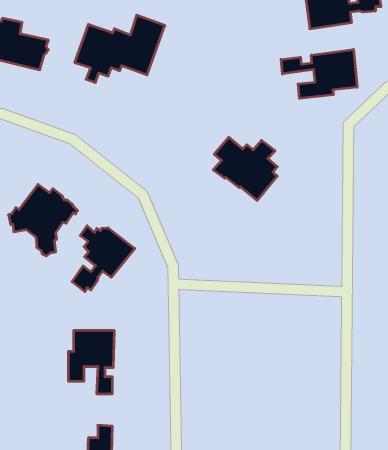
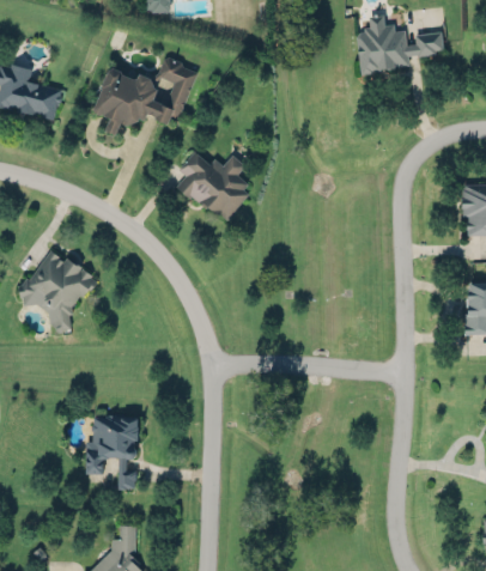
building: [281,49,357,98] -> none
building: [213,137,277,200] -> [176,150,249,221]
building: [72,226,135,292] -> none

